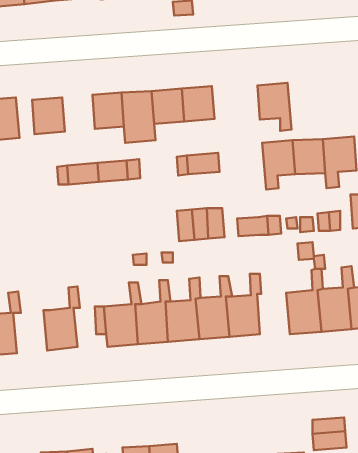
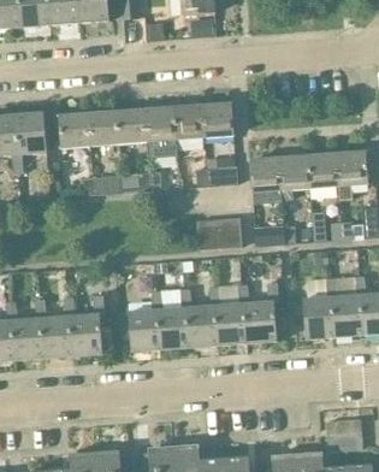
building: [257,83,291,131] -> [249,155,282,201]
building: none -> [87,110,118,144]
building: none -> [40,296,75,356]

